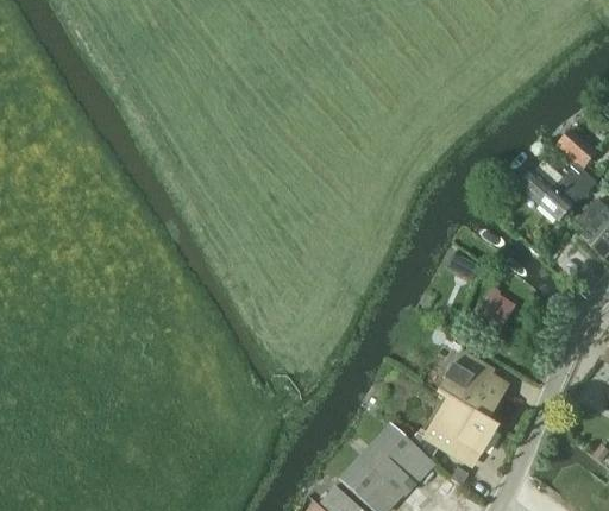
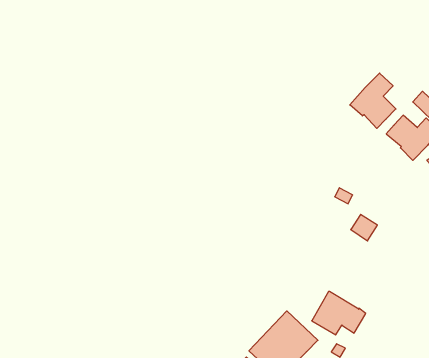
building: none -> [350,73,396,128]
building: [437,353,502,422] -> none

